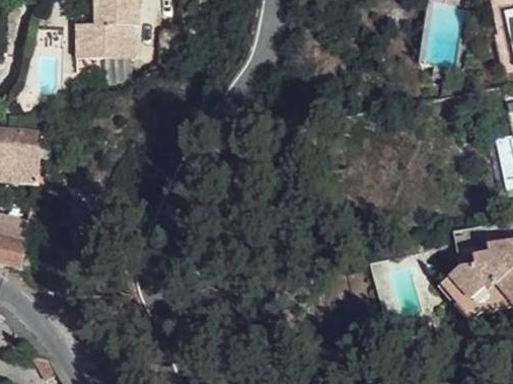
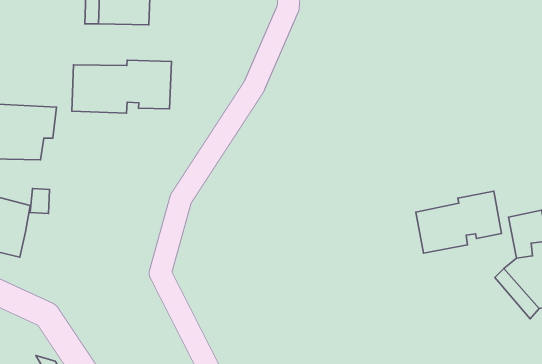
building: none -> [72,60,171,113]
building: none -> [416,191,502,253]

